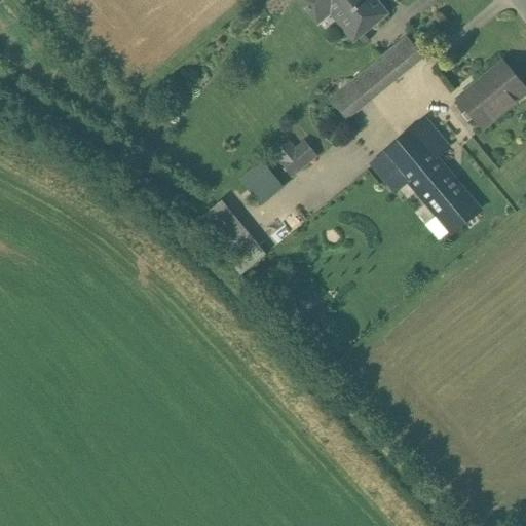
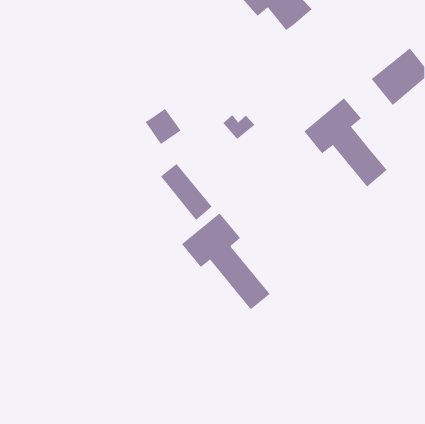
building: [330,35,424,118] -> none
building: [237,157,283,202] -> [145,108,181,145]
building: none -> [181,213,271,310]

